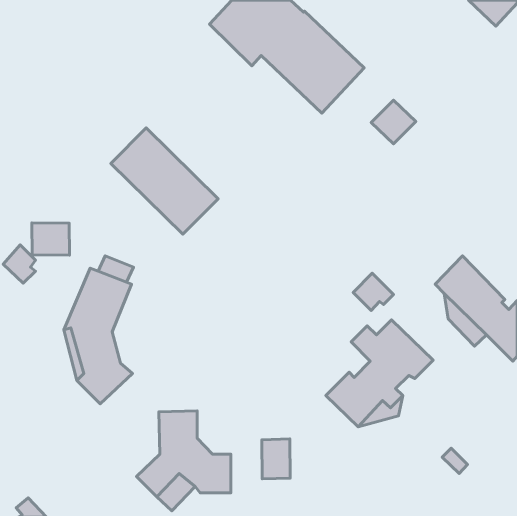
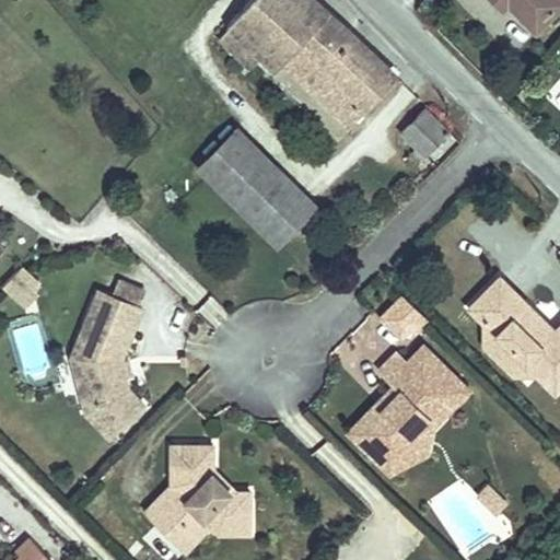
building: [111,128,218,234] -> [199,130,315,245]
building: [32,223,70,255] -> none
building: [262,439,290,479] -> none

